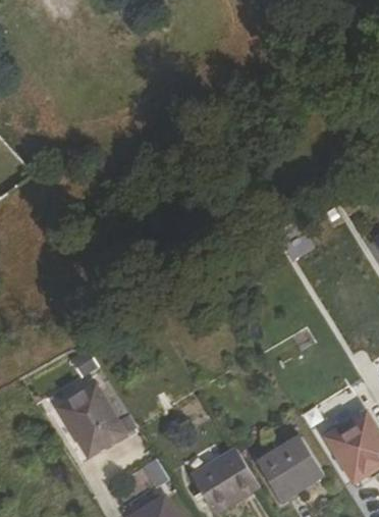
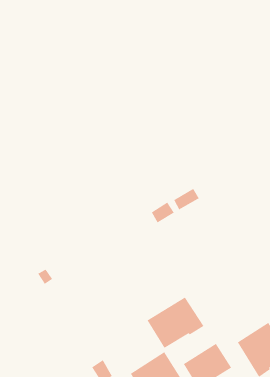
building: none -> [147,296,205,349]
building: [58,385,137,457] -> none

